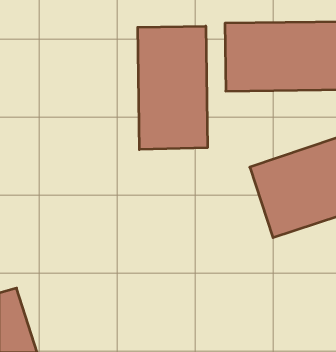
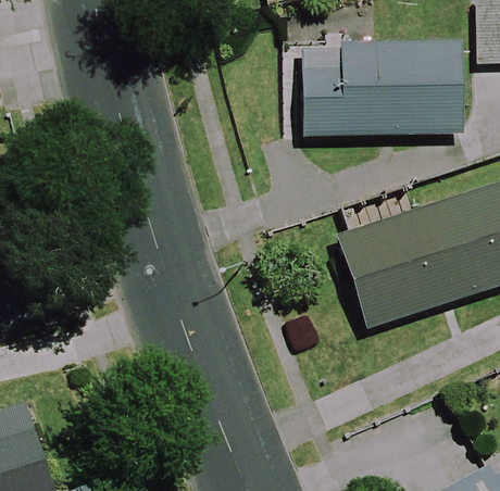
building: [138,26,207,150] -> none

